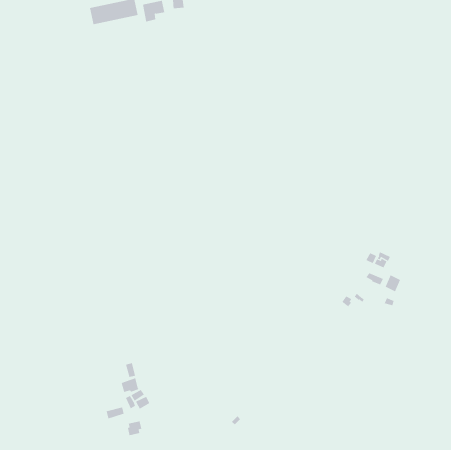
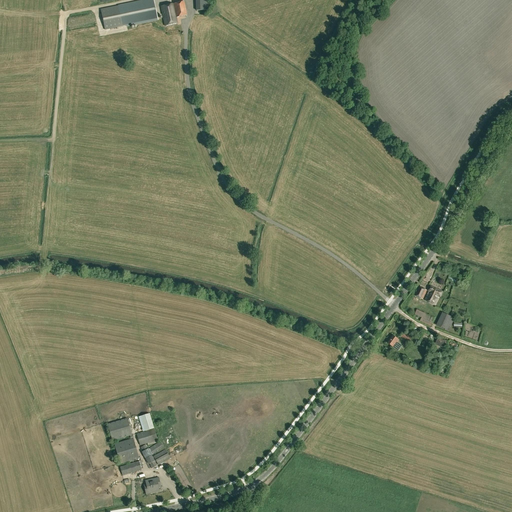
building: none -> [108,418,139,463]

